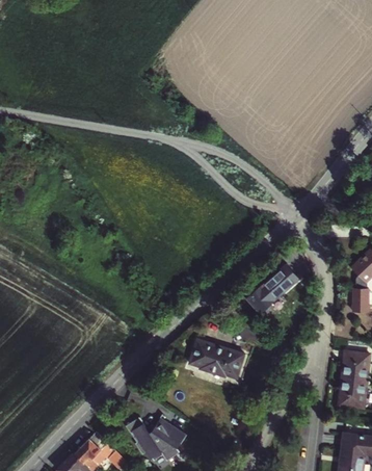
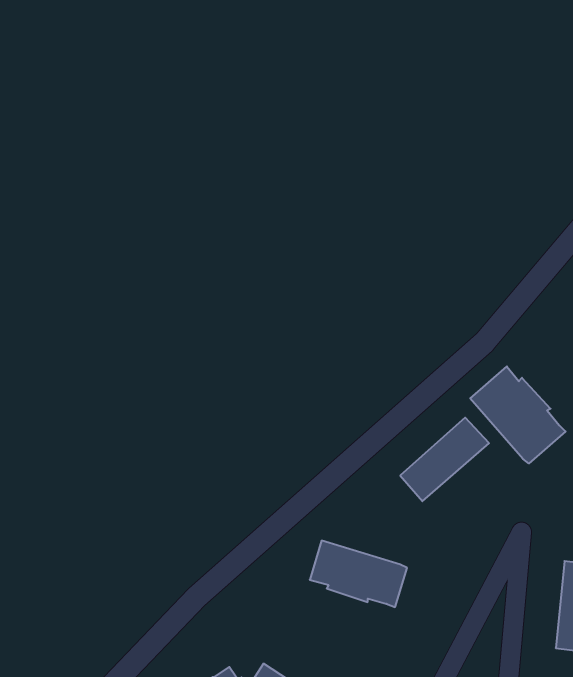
building: none -> [470,366,566,463]

